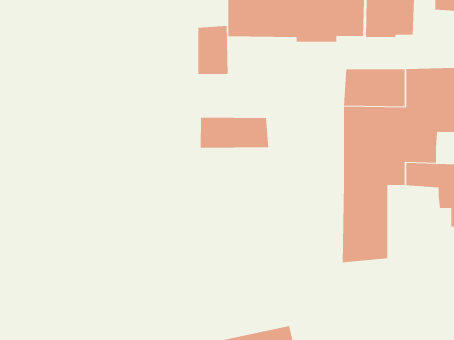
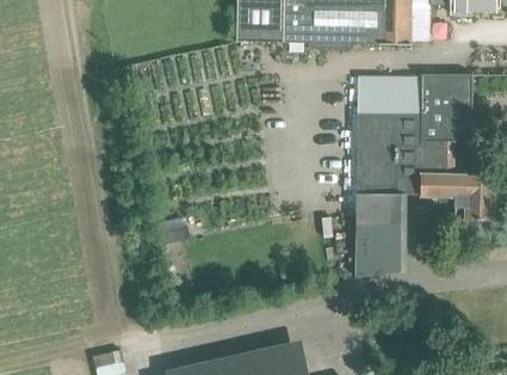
building: [198,25,228,75] -> none
building: [200,117,269,148] -> none

